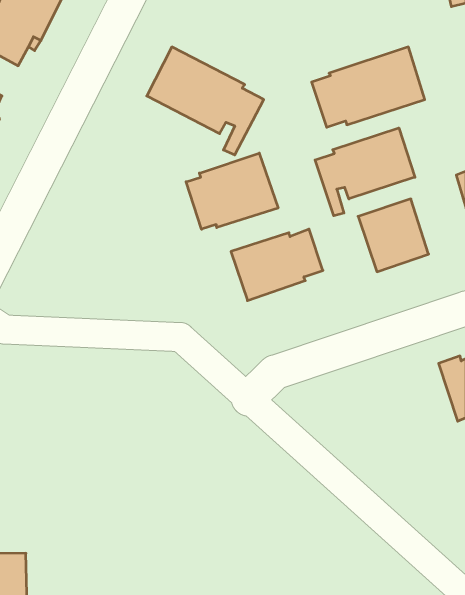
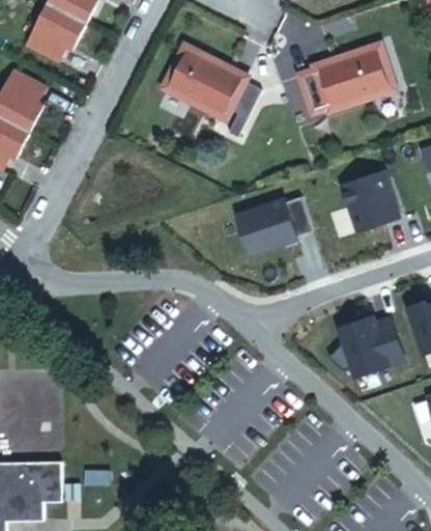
building: [315,128,415,216] -> none
building: [186,153,278,229] -> none
building: none -> [326,317,402,378]

